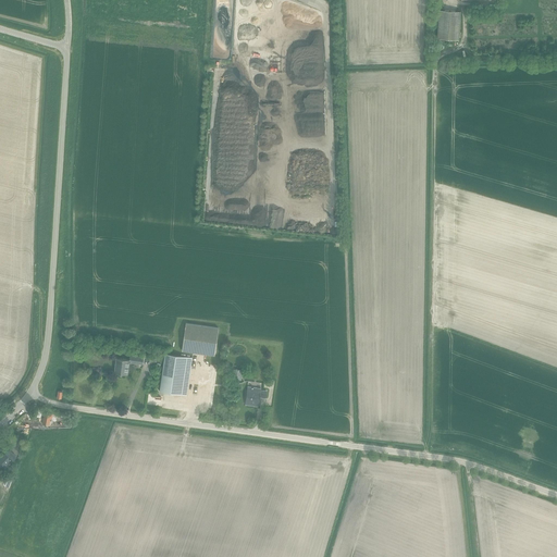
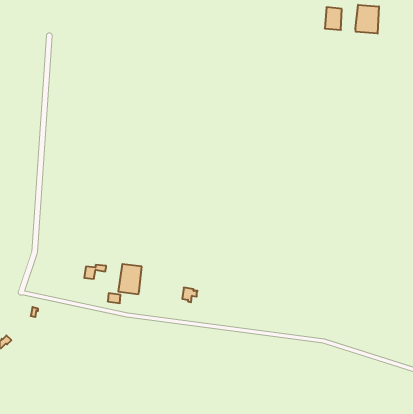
building: none -> [356,5,379,34]
building: [181,323,218,355] -> none

